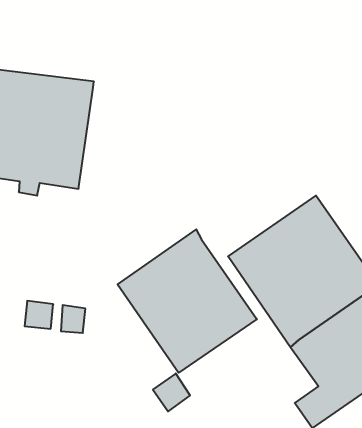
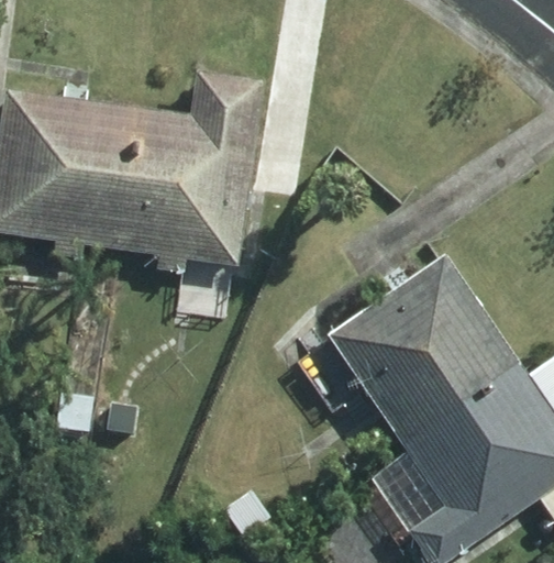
building: none -> [133,75,261,271]
building: [118,229,257,373] -> none

